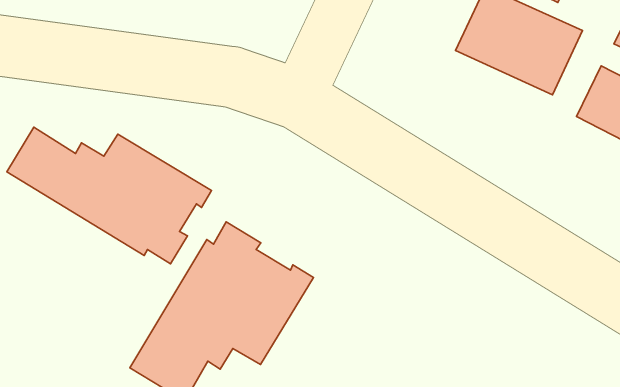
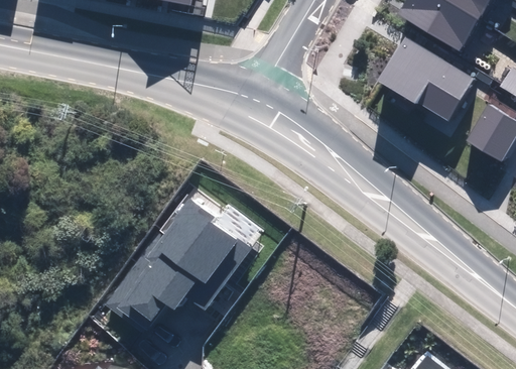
building: [7,127,212,264] -> none

